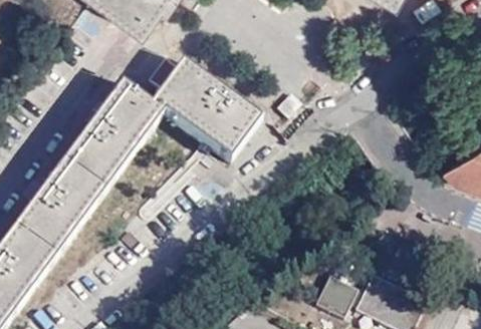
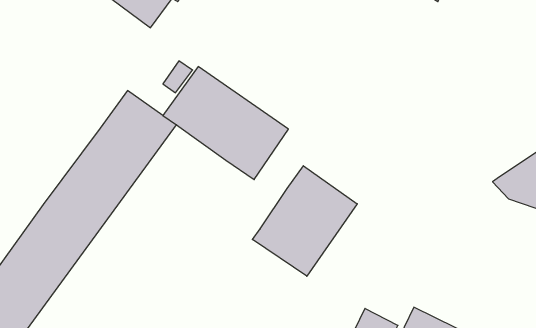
building: none -> [252,166,357,276]

